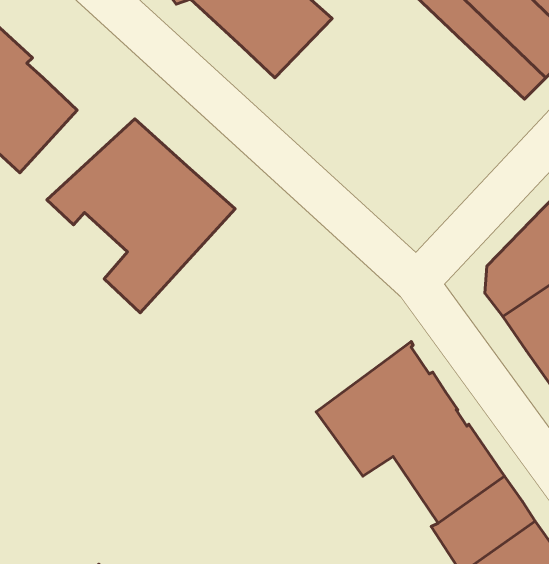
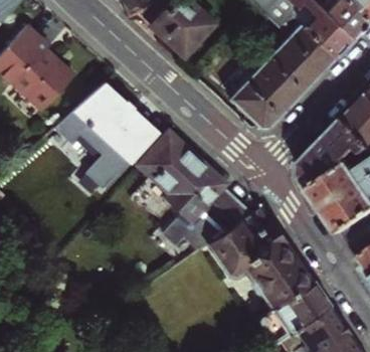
building: none -> [231,37,324,129]
building: none -> [135,132,249,253]

